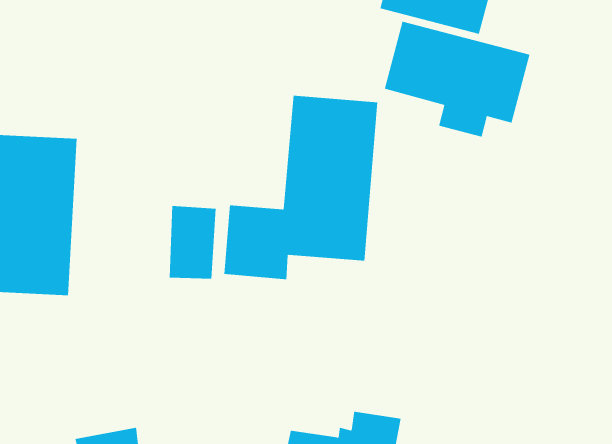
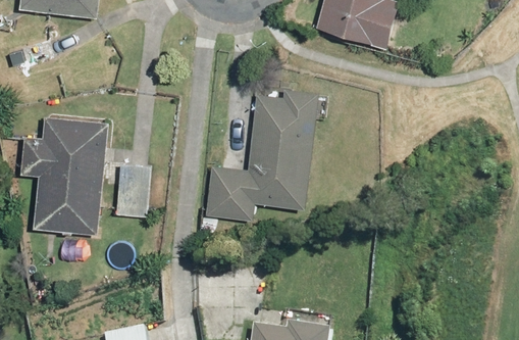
building: [384,21,530,137] -> none
building: [169,206,216,279] -> [116,164,150,216]

